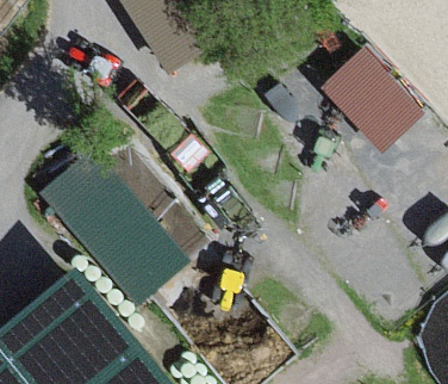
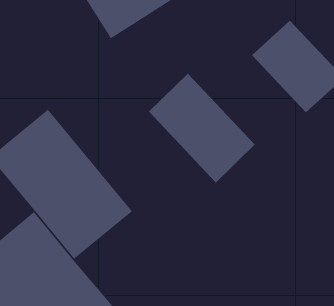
building: none -> [148,73,256,183]

